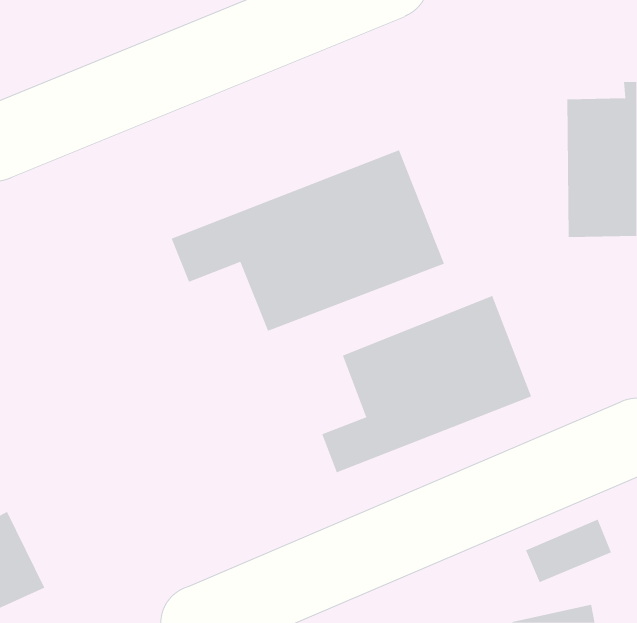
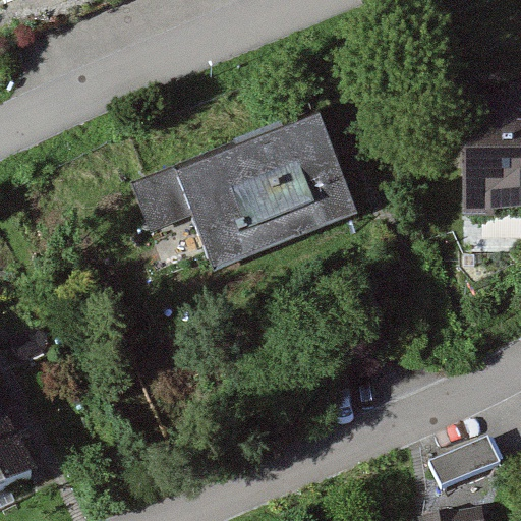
building: [322,295,532,473] -> none

